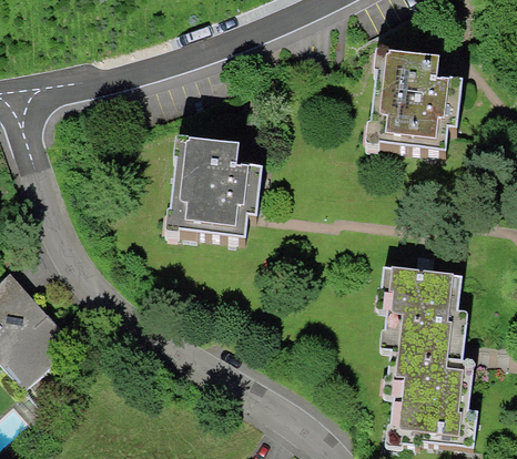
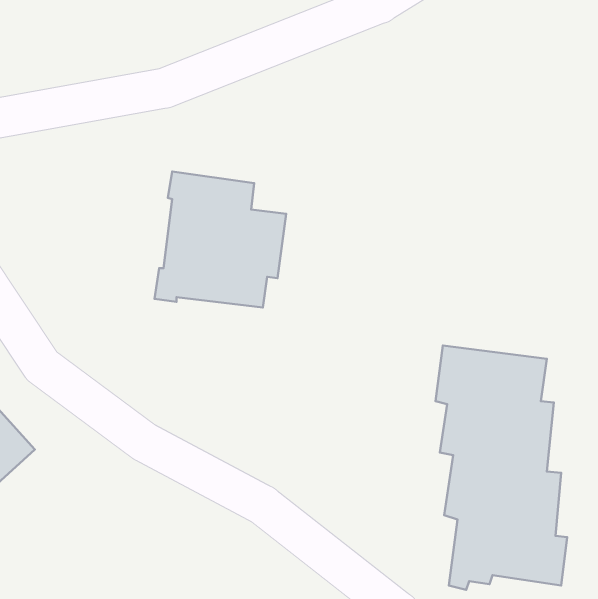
building: [366,45,465,149] -> none

